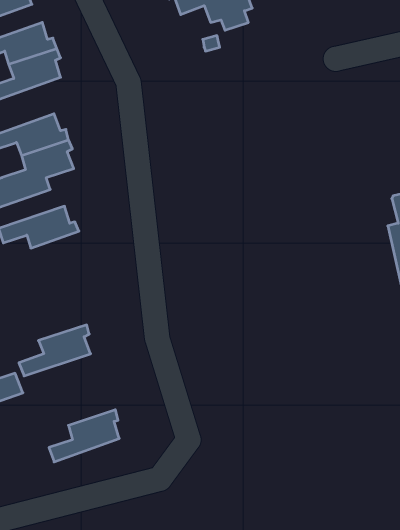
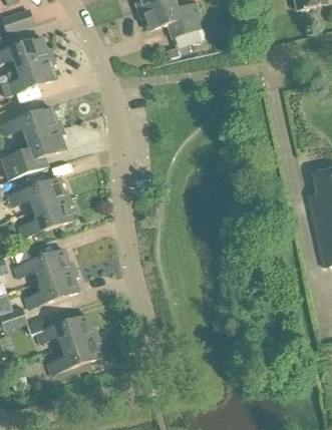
building: none -> [18,196,72,237]
building: none -> [13,249,75,281]
building: none -> [25,315,97,346]

